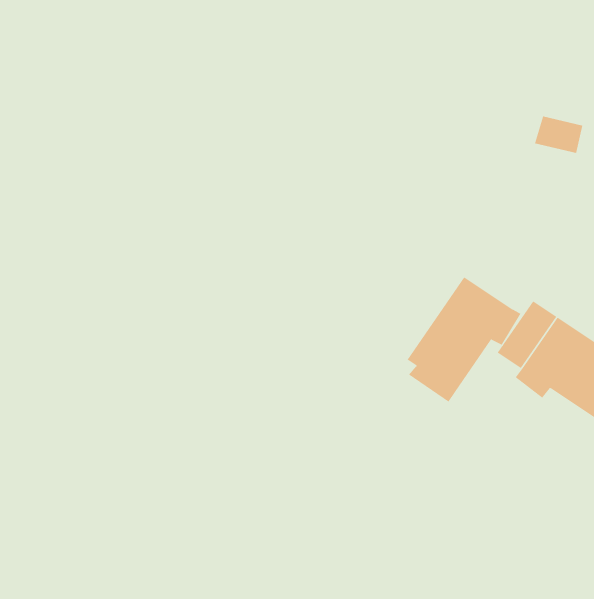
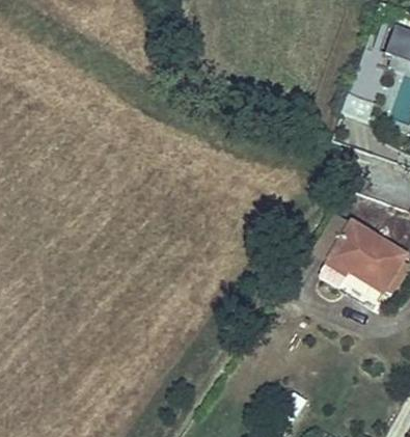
building: [407,277,521,402] -> none

